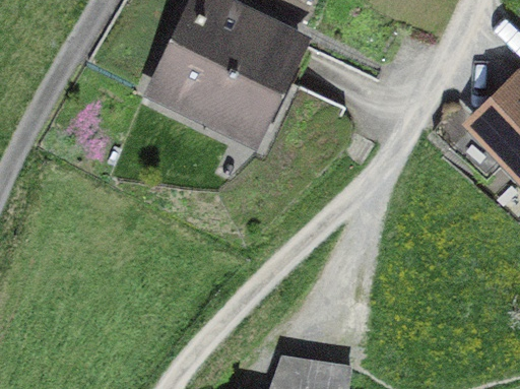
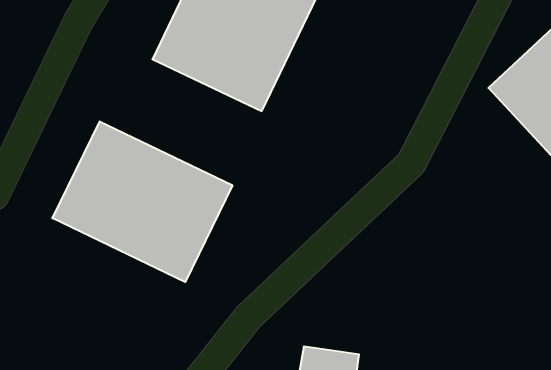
building: none -> [52,121,232,282]

